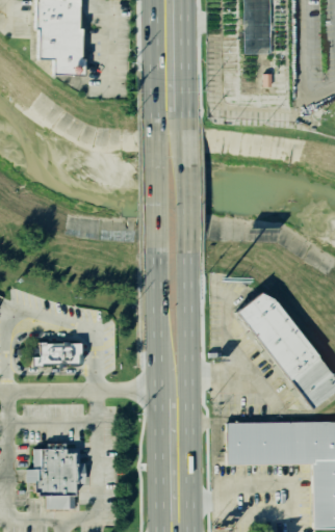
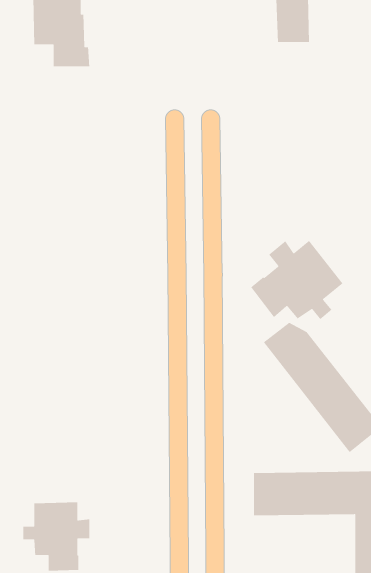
building: none -> [250,240,343,320]
building: [35,341,84,365] -> none

